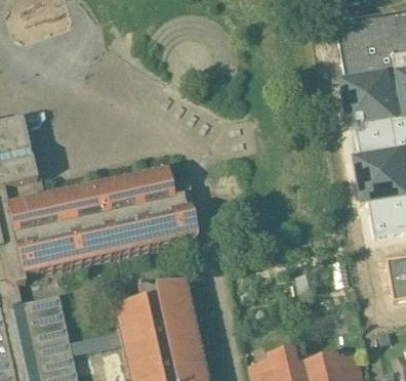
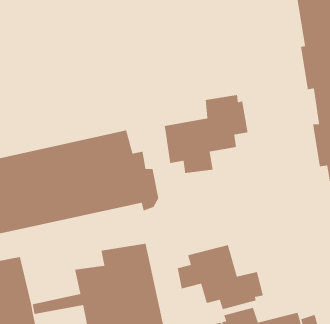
building: none -> [164,94,248,174]
building: none -> [177,244,264,310]

